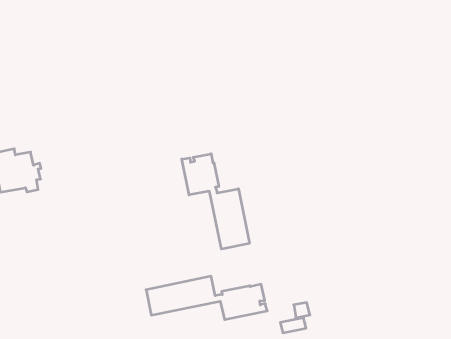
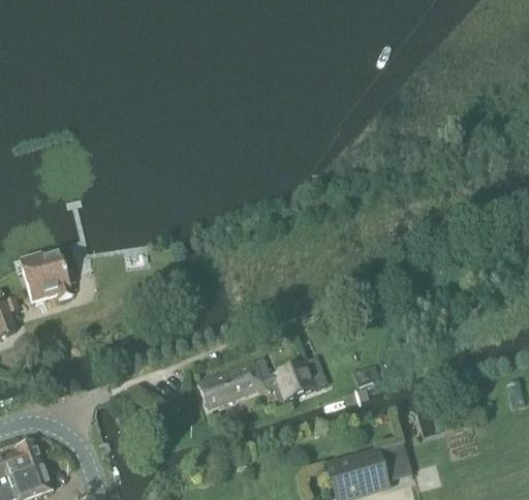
building: [182,154,249,249] -> none

